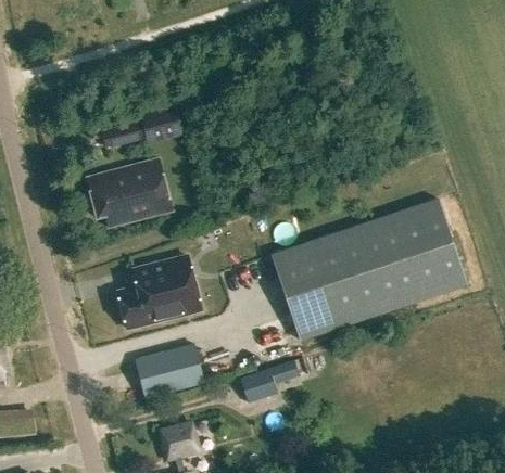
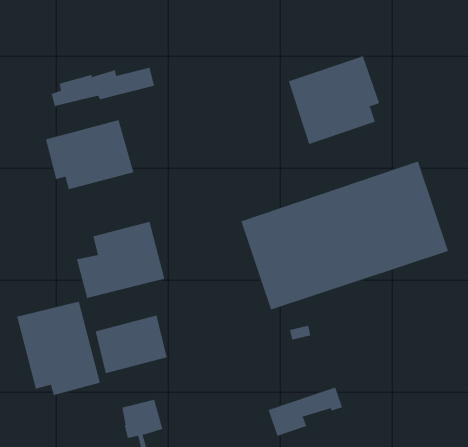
building: none -> [288,55,380,145]
building: none -> [16,301,101,396]
building: [239,356,310,402] -> [268,387,343,437]

